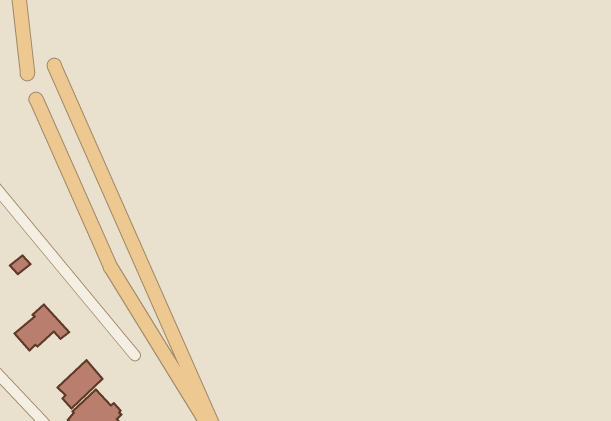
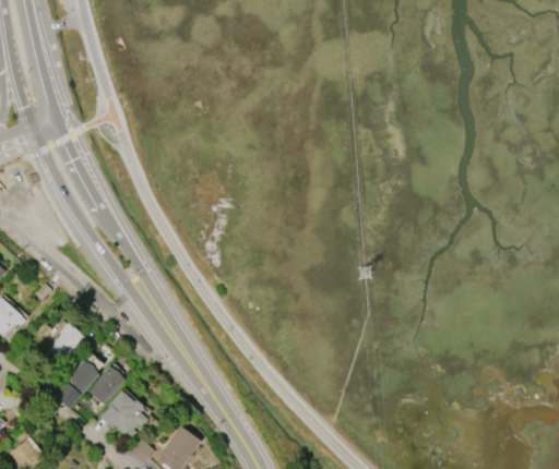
building: none -> [52,360,99,409]

